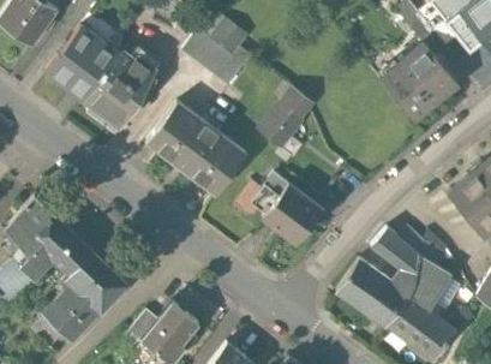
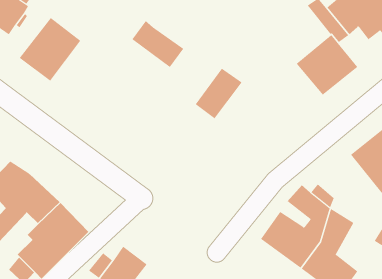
building: [208,16,256,66] -> none
building: [83,48,155,129] -> none
building: [146,101,245,195] -> none
building: [250,171,324,246] -> none

